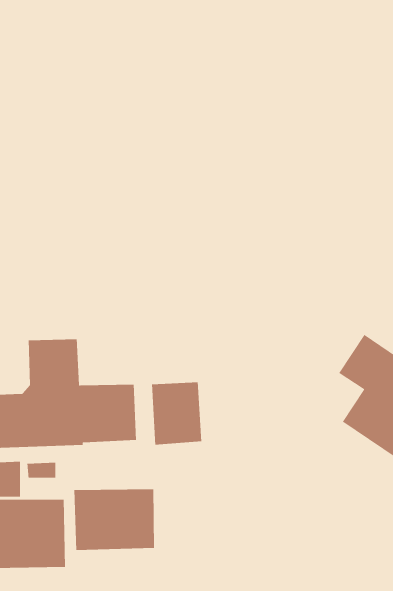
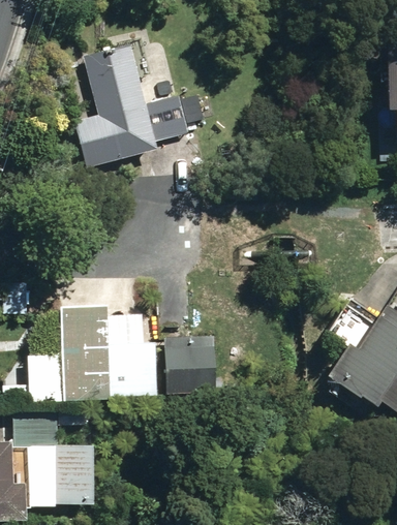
building: none -> [78,44,189,168]
building: [73,488,155,551] -> none

